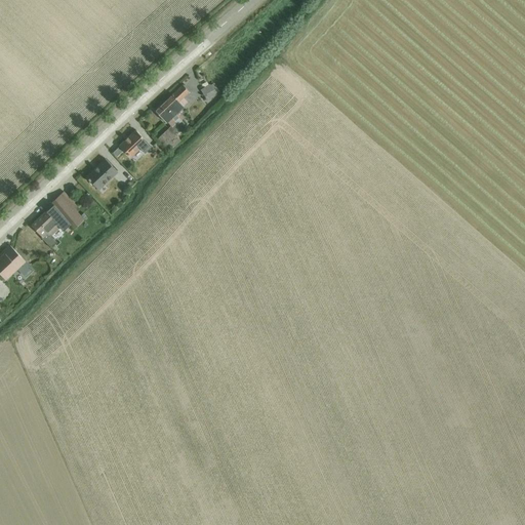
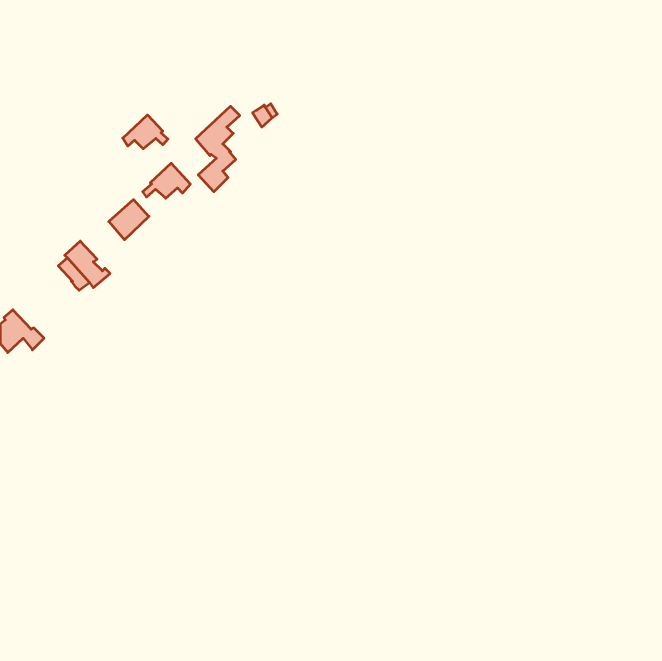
building: none -> [123,115,168,149]
building: [32,210,59,247] -> none

